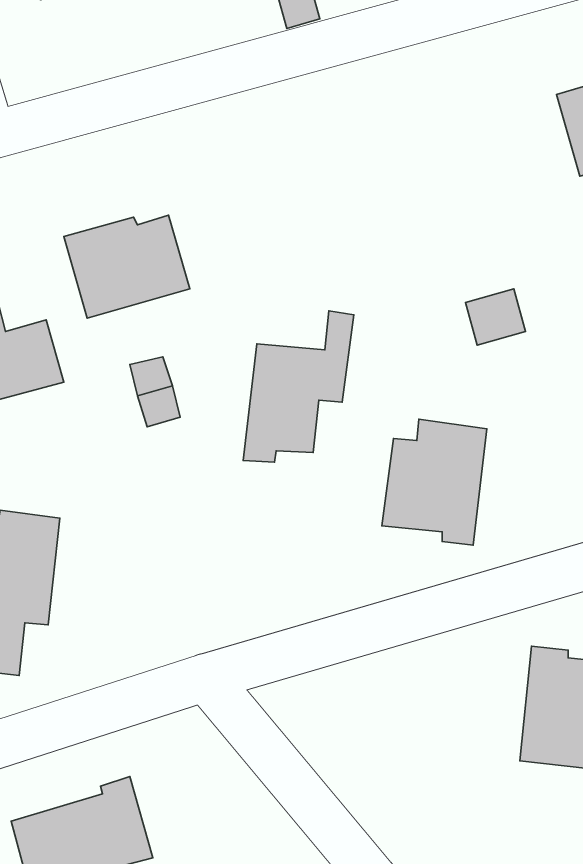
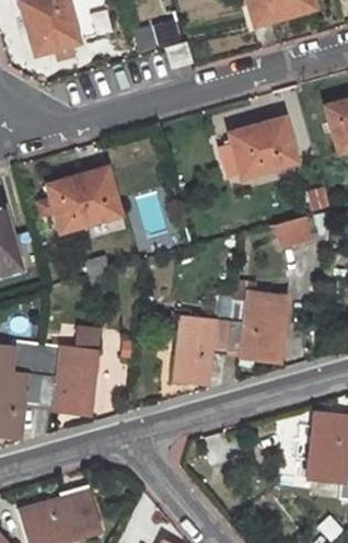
building: none -> [230,123,295,175]
building: [243,311,354,462] -> [172,297,234,382]
building: none -> [39,344,96,415]

